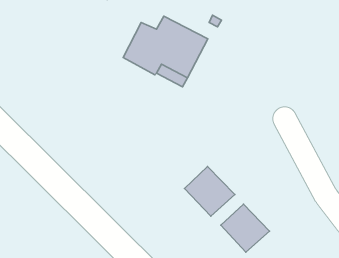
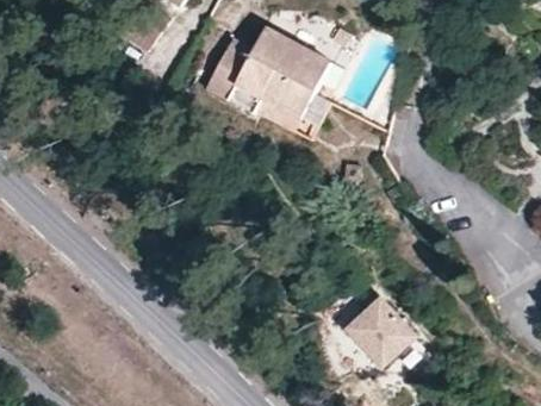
building: [184,167,235,216] -> none

